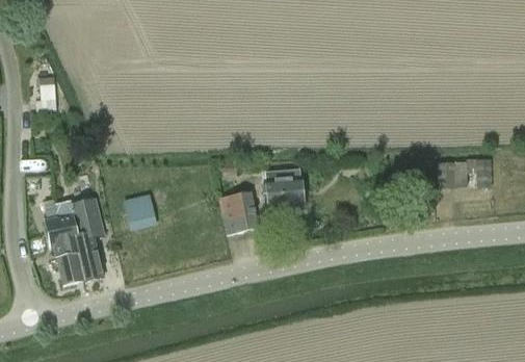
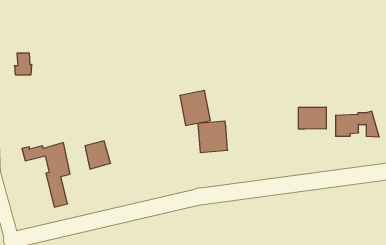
building: none -> [299,107,326,129]
building: [219,190,258,234] -> [180,91,210,125]
building: [45,213,85,284] -> none

